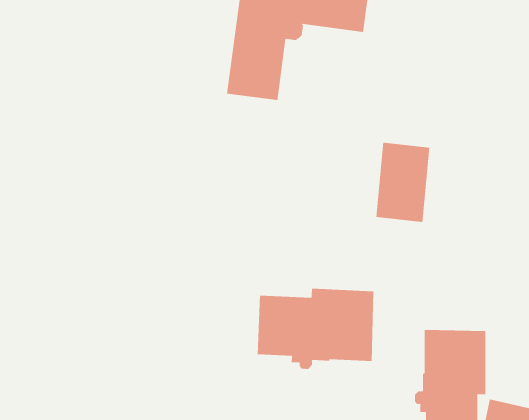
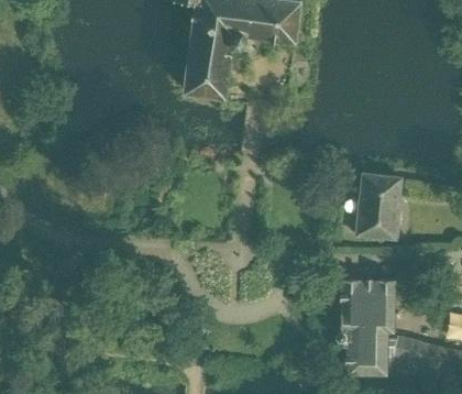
building: [376,142,430,223] -> [356,175,400,240]
building: [257,288,374,370] -> none

